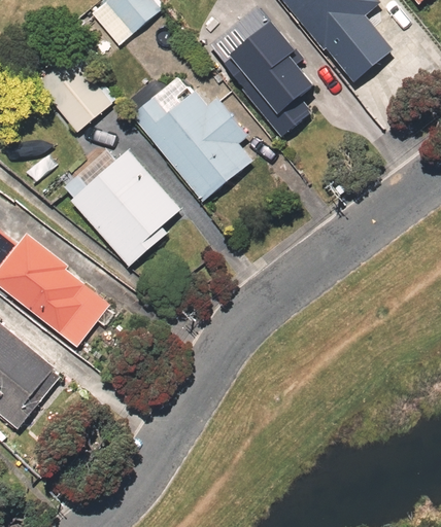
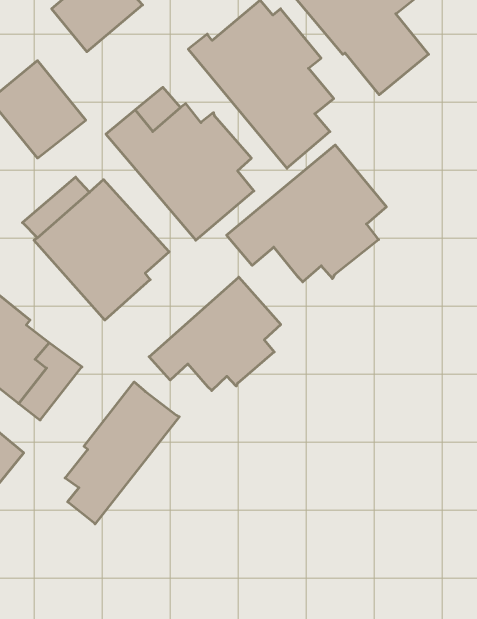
building: none -> [227,145,386,282]
building: none -> [149,277,281,391]
building: none -> [65,382,179,524]

